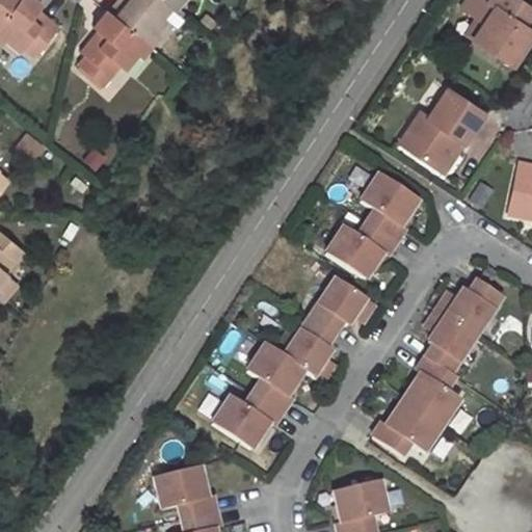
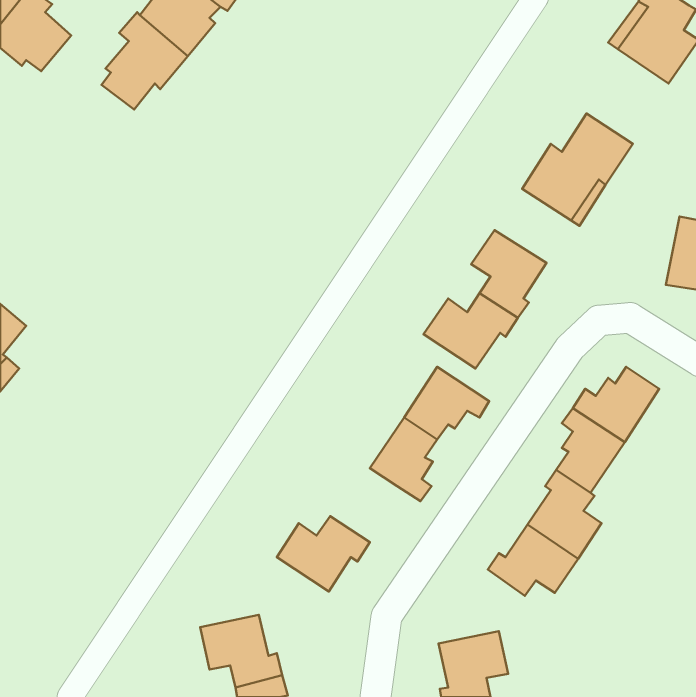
building: [247,343,304,411] -> none

